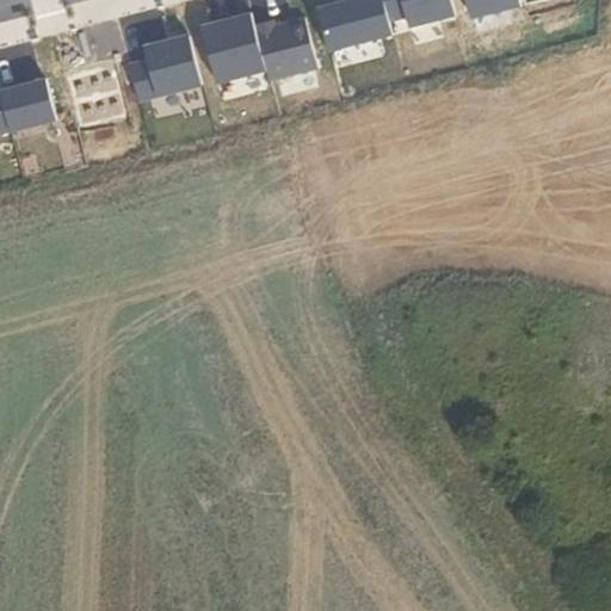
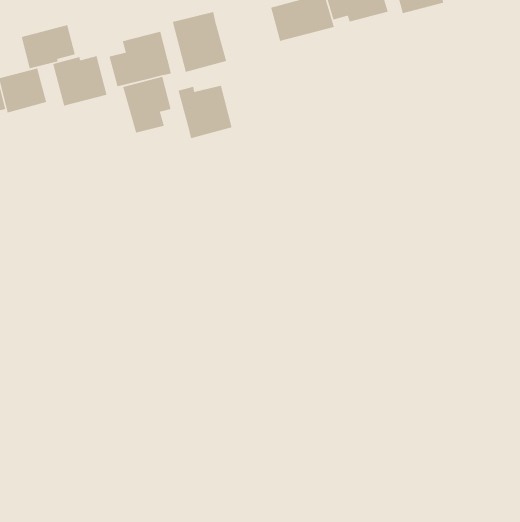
building: [252,18,316,81] -> [177,85,233,139]
building: none -> [21,24,76,69]
building: none -> [122,76,172,134]

